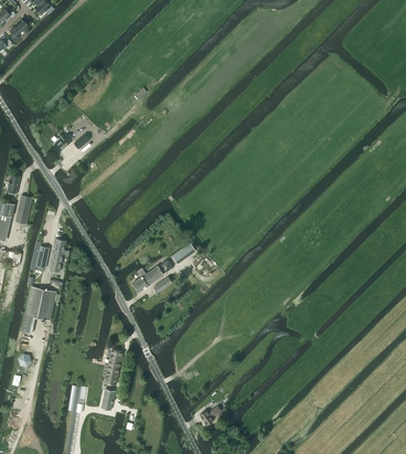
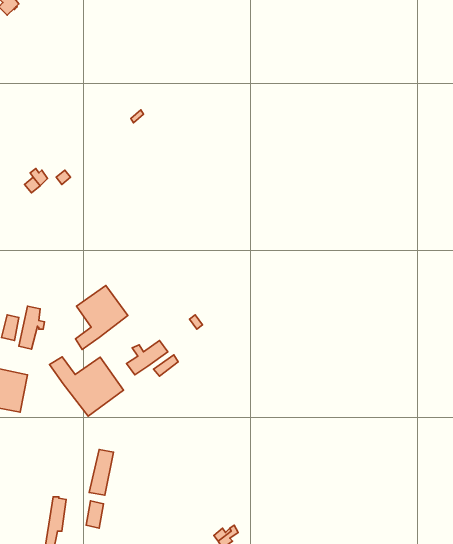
building: none -> [75,285,128,350]
building: none -> [49,357,123,416]

